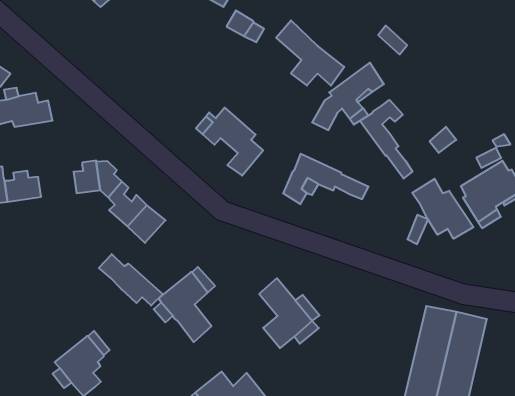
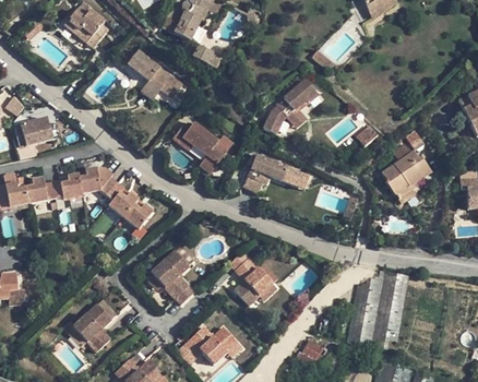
building: [276,20,344,86] -> [128,48,182,98]
building: [360,100,412,179] -> none
building: none -> [51,174,82,199]
building: [412,179,473,239] -> none
building: [99,254,163,306] -> none

